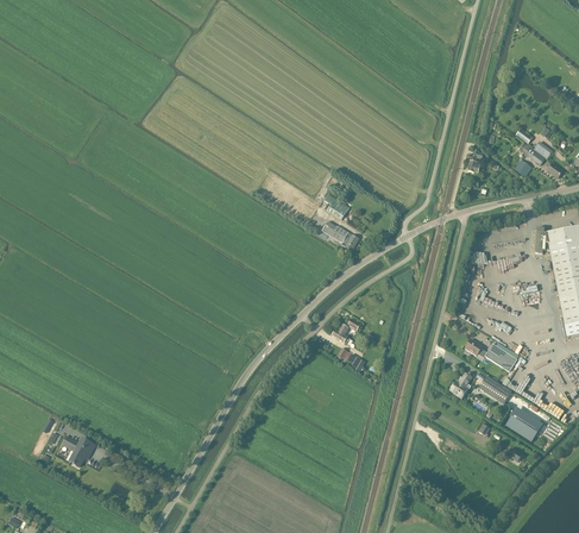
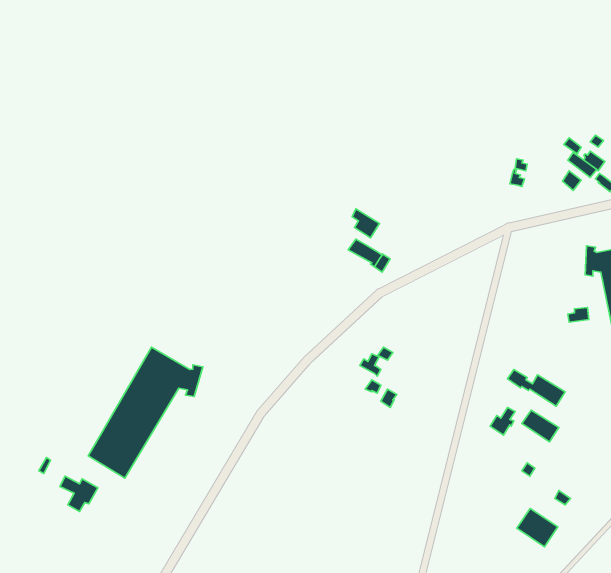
building: none -> [88,347,203,478]
building: [505,406,542,440] -> [517,509,558,547]

